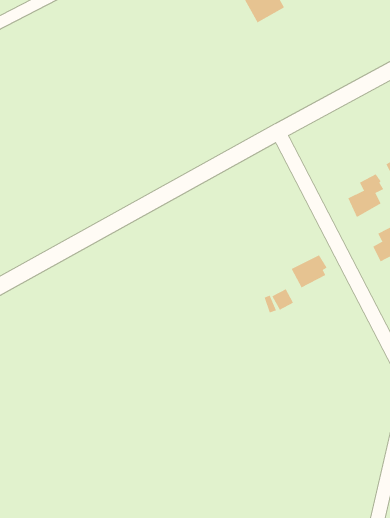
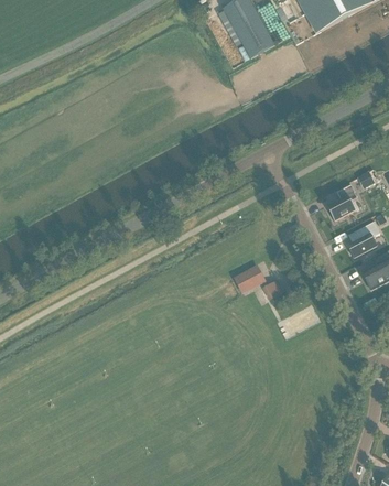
building: [291,254,327,288] -> [231,263,262,292]

